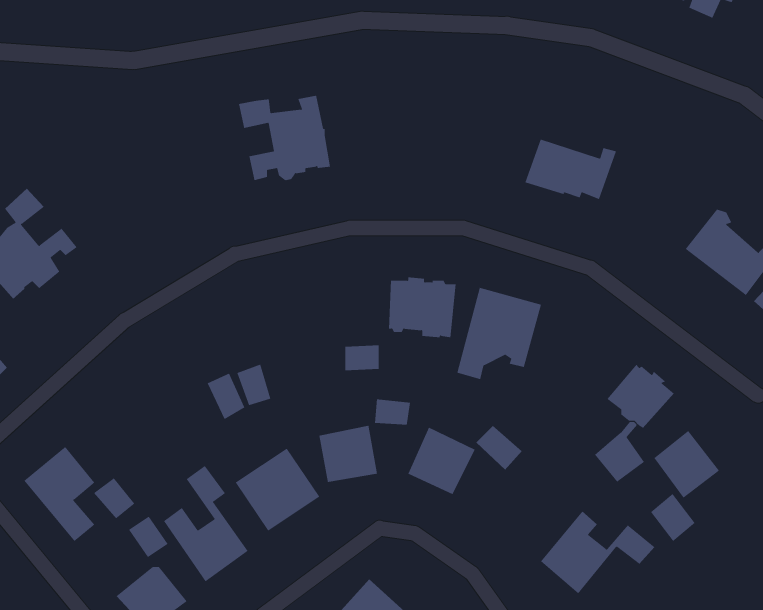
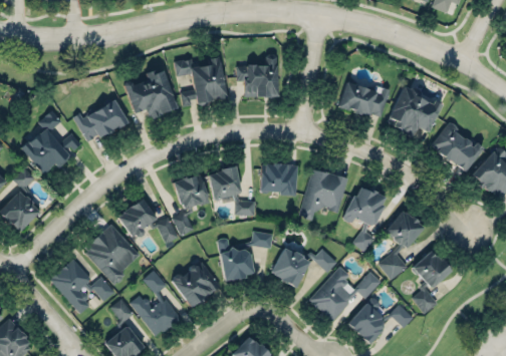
building: none -> [237,53,277,96]
building: none -> [123,67,178,117]
building: none -> [387,85,442,137]
building: none -> [75,97,128,142]
building: none -> [208,165,241,200]
building: none -> [174,172,209,209]
building: none -> [343,187,387,251]
building: none -> [117,200,156,237]
building: none -> [84,223,140,284]
building: none -> [308,265,381,321]

